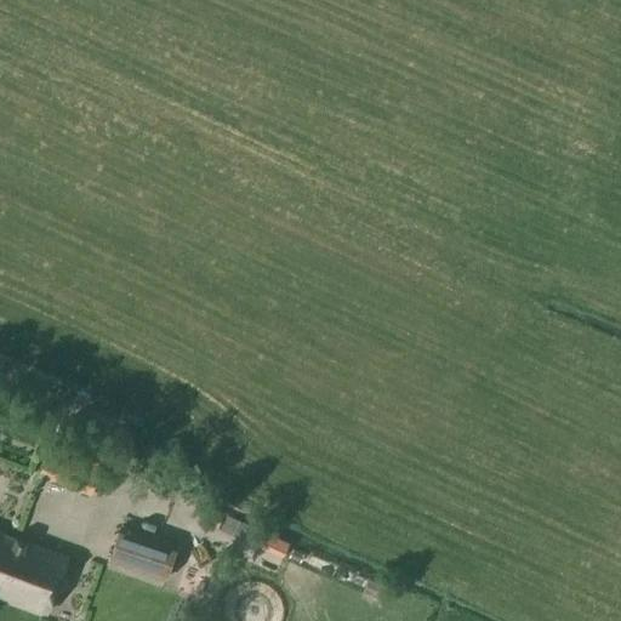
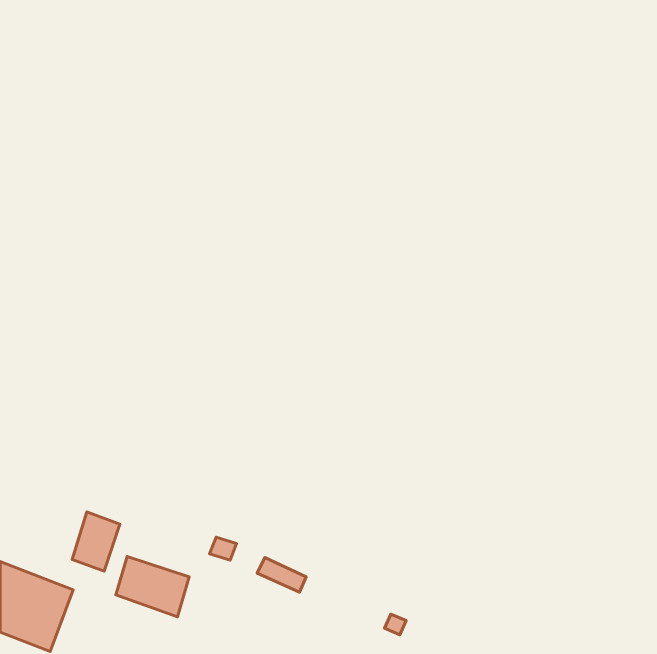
building: none -> [72,512,120,571]

